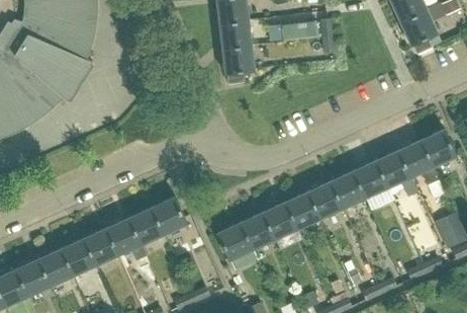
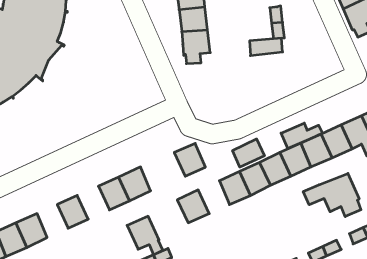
building: [282,22,318,42] -> [250,38,283,56]
building: none -> [281,123,323,148]
building: none -> [233,139,264,167]
building: none -> [303,173,361,217]
building: [241,212,275,248] -> [174,143,205,176]
building: [107,218,147,260] -> [127,216,163,255]
building: [63,238,97,275] -> none

